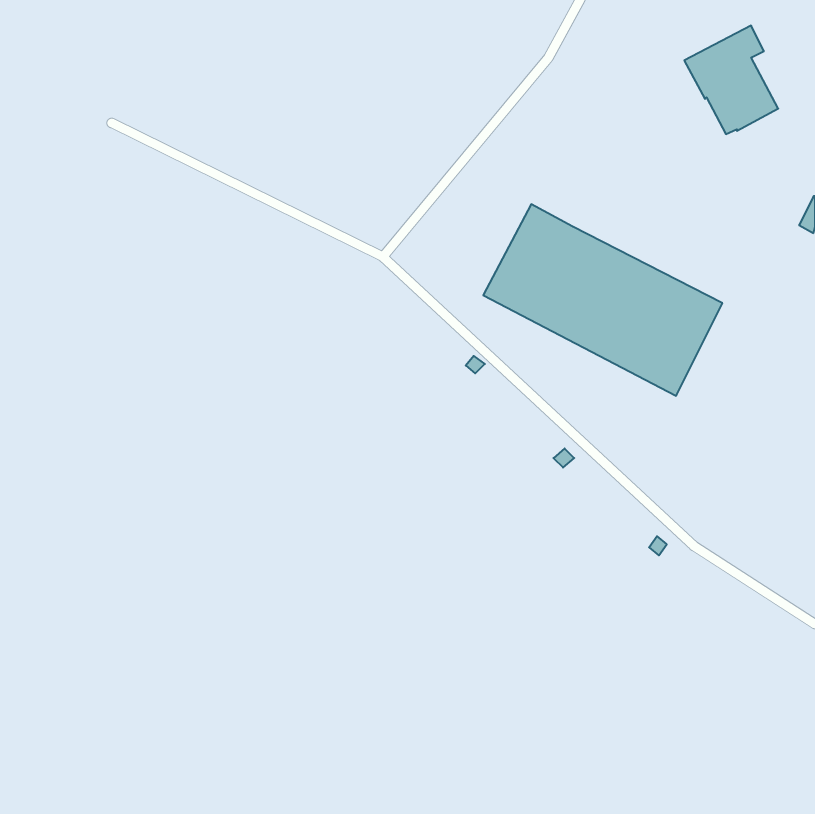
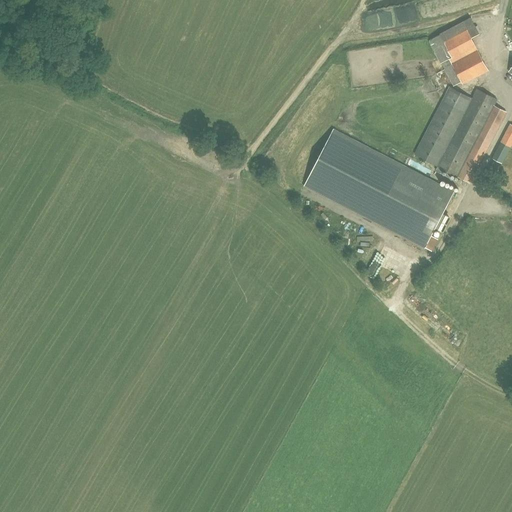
building: none -> [416,88,506,181]

